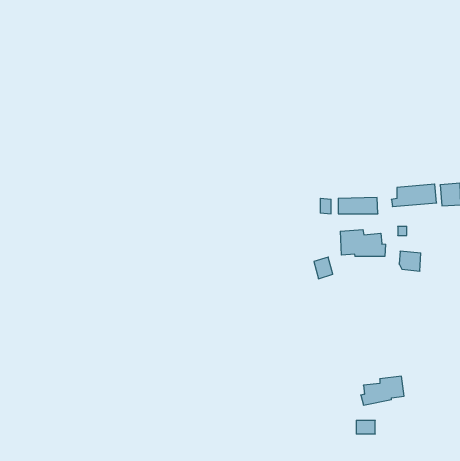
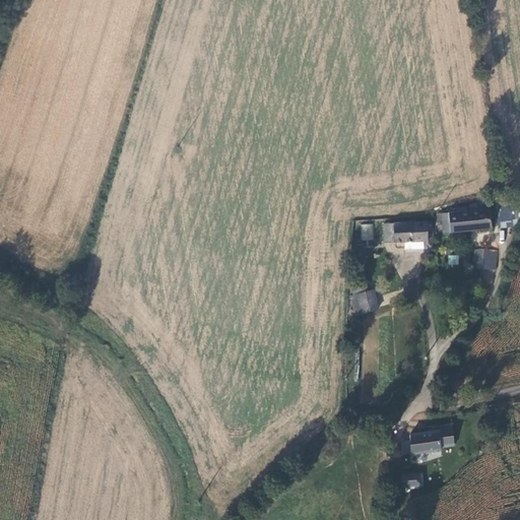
building: [340,230,386,256] -> none
building: [399,251,421,271] -> [474,248,499,270]

